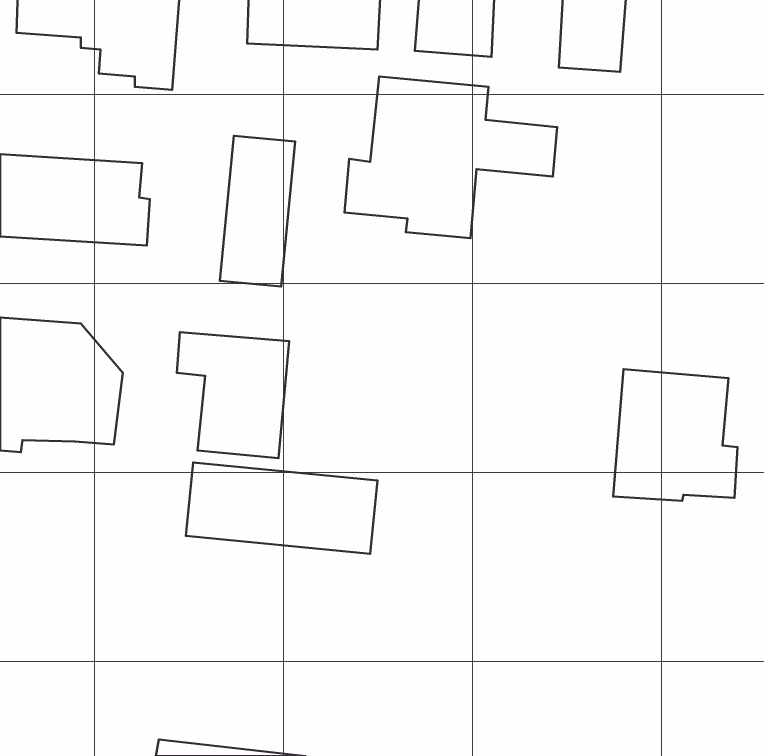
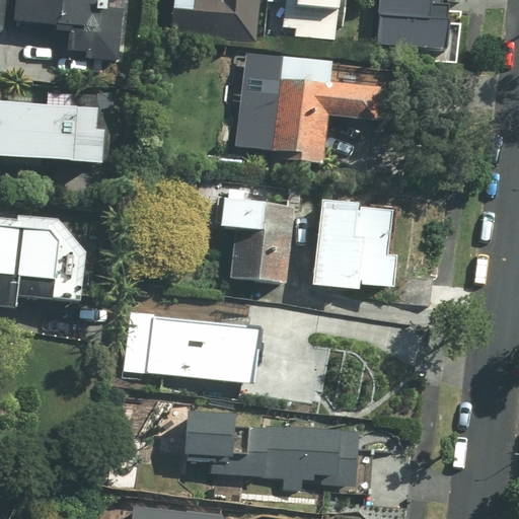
building: [220,136,295,286] -> none
building: [177,332,289,458] -> [217,198,293,283]
building: [613,369,738,501] -> [311,199,395,288]
building: none -> [179,410,373,492]

